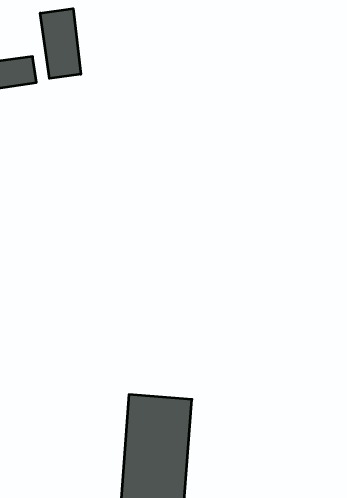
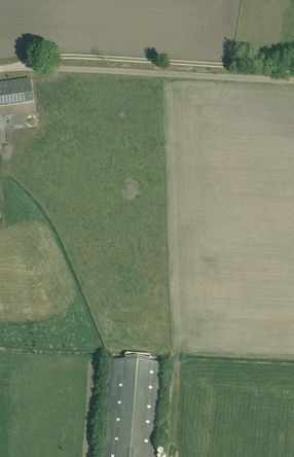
building: [40,9,81,78] -> none

